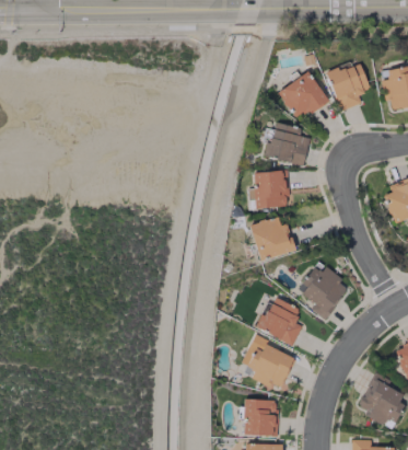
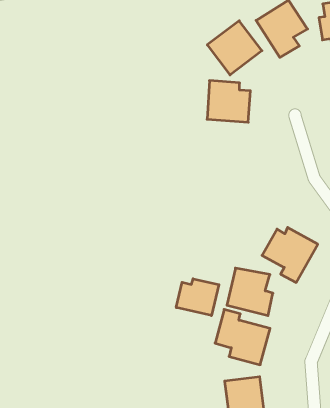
building: [254,171,288,208] -> none
building: [250,218,294,259] -> none
building: none -> [176,279,219,316]

